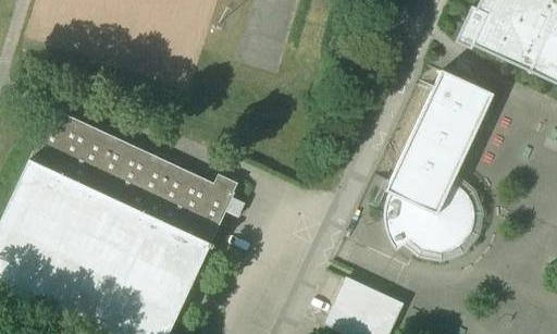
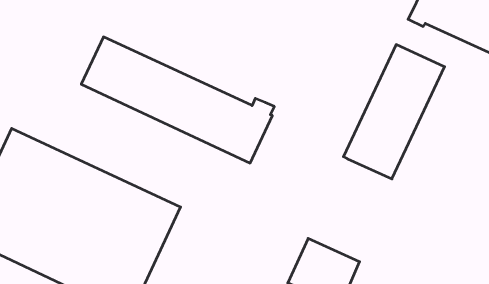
building: [29,108,237,244] -> [81,37,274,163]
building: [385,181,475,251] -> none

